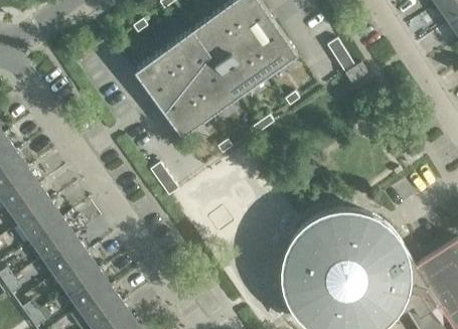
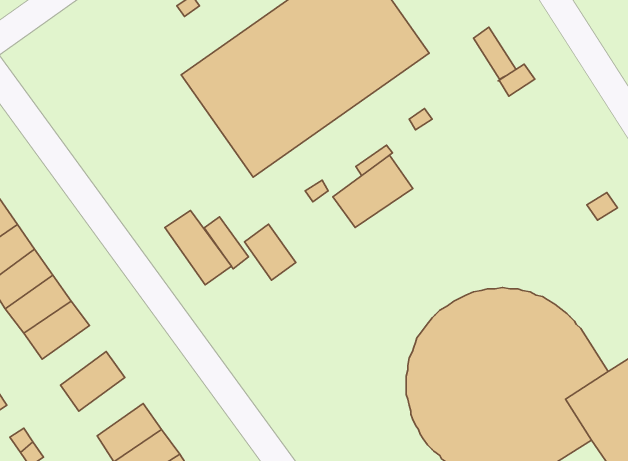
building: none -> [333,155,413,228]
building: none -> [165,210,231,285]
building: none -> [244,224,296,280]
building: [43,235,86,275] -> none
building: [67,270,110,308] -> none

